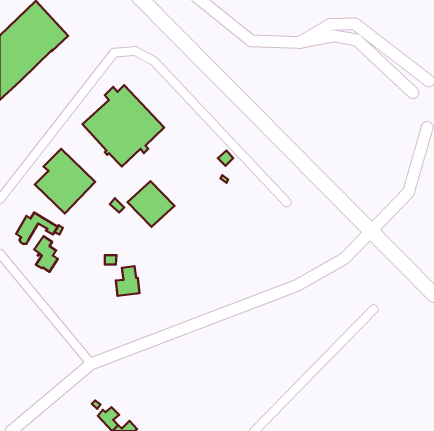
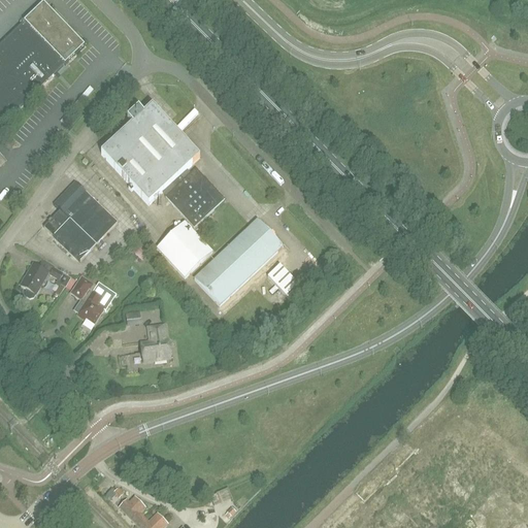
building: none -> [164,166,223,225]
building: none -> [193,217,282,304]
building: [34,236,58,272] -> [74,277,103,321]

